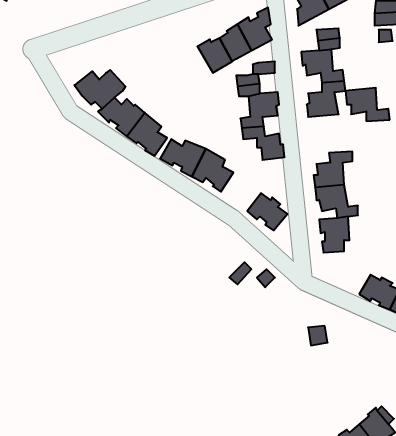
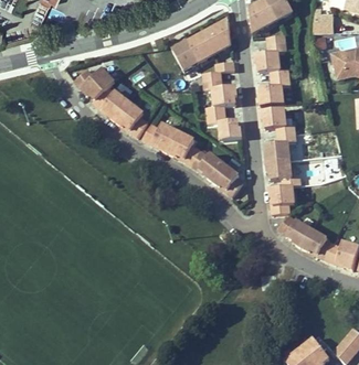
building: [345,88,390,121] -> [260,108,295,135]
building: none -> [190,150,222,181]
building: none -> [277,215,309,247]

